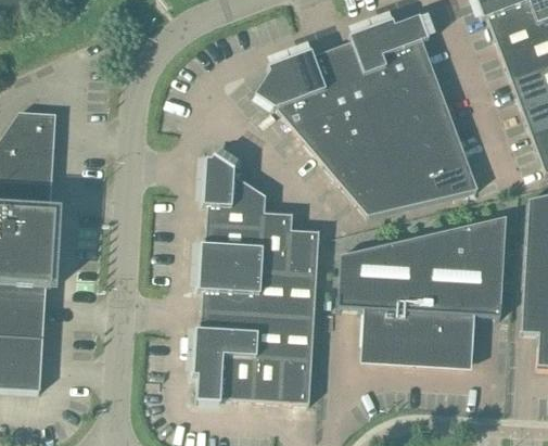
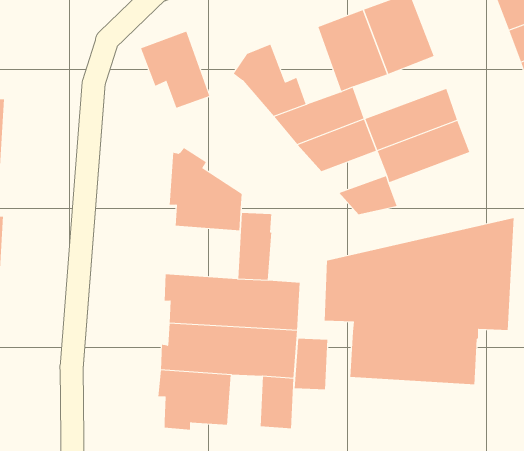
building: [291,49,353,117] -> [140,31,210,108]
building: [364,75,446,130] -> none
building: [335,158,393,195] -> none
building: [395,160,477,207] -> none
building: [197,225,264,271] -> none
building: [289,230,319,275] -> none
building: [253,356,283,402] -> [294,338,328,390]

